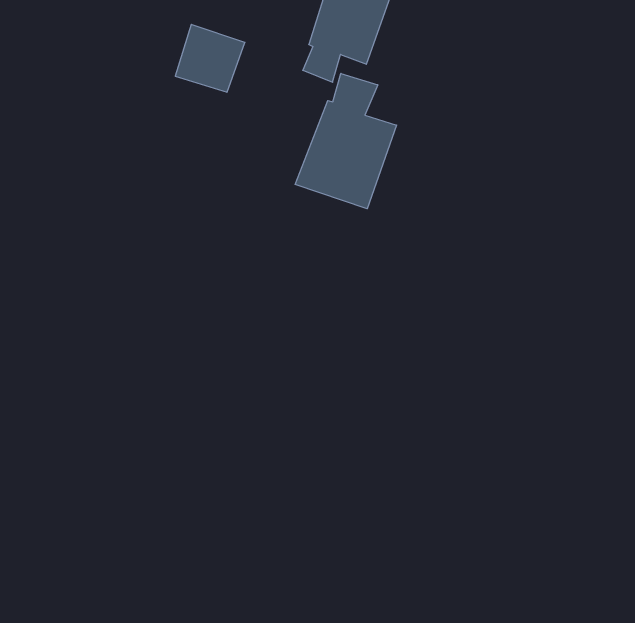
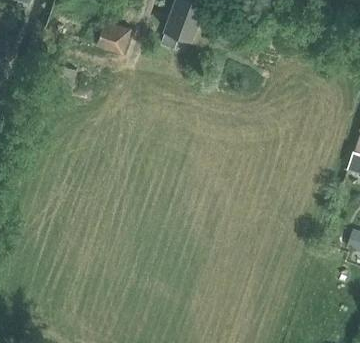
building: [295,73,397,209] -> none

